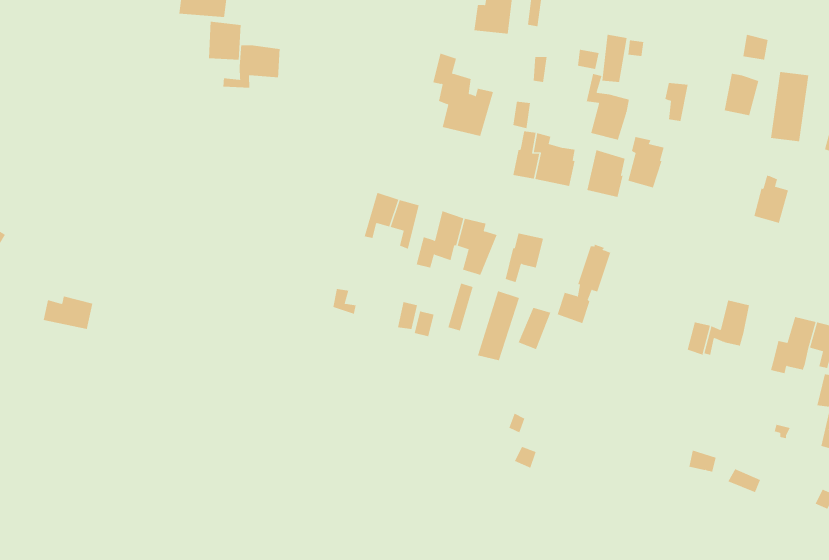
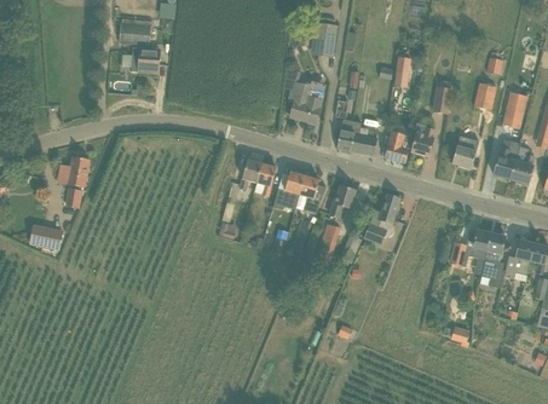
building: [223,45,280,89] -> none
building: [586,73,630,140] -> none
building: none -> [451,127,474,168]
building: none -> [509,145,533,184]
building: none -> [63,156,88,208]
building: none -> [478,232,504,288]

